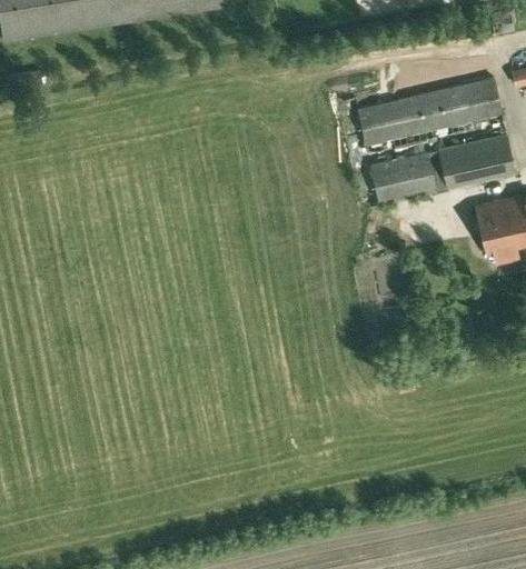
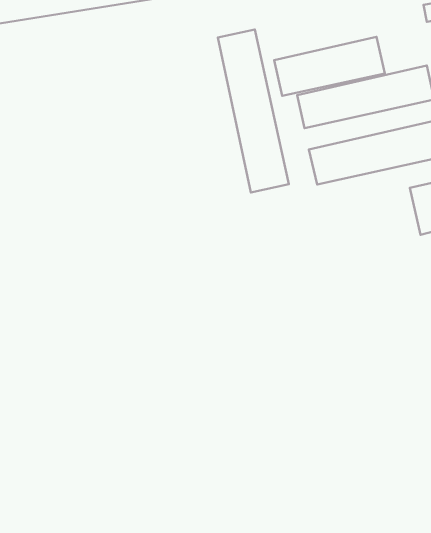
building: none -> [218,29,289,193]
building: none -> [274,37,385,96]

